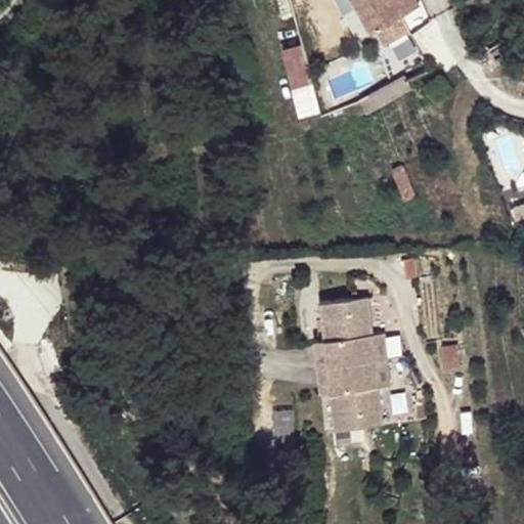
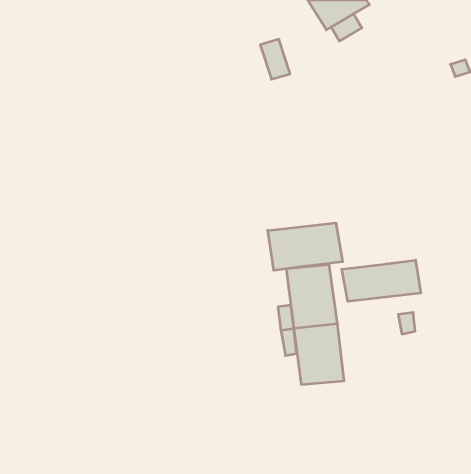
building: none -> [268,223,343,270]
building: none -> [342,260,421,301]

